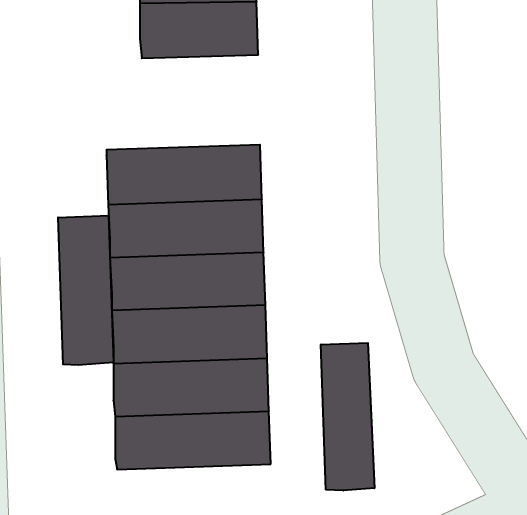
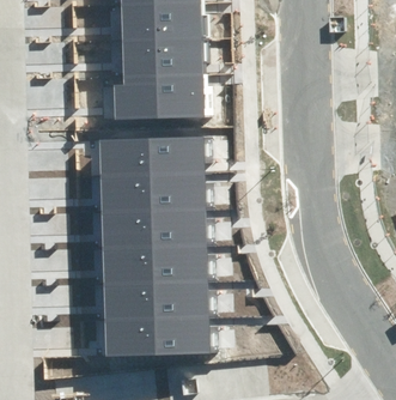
building: none -> [114,75,203,120]
building: [58,216,113,365] -> none
building: [321,343,374,491] -> none

